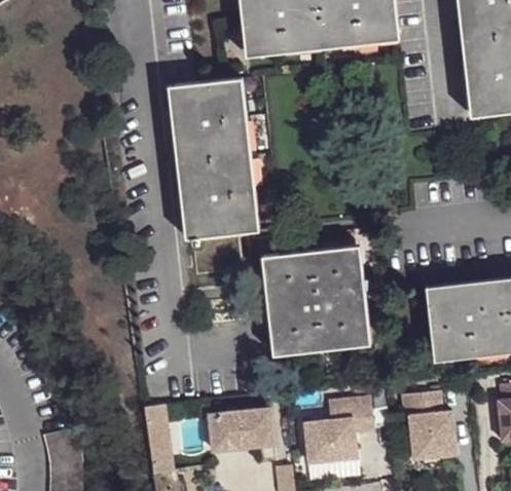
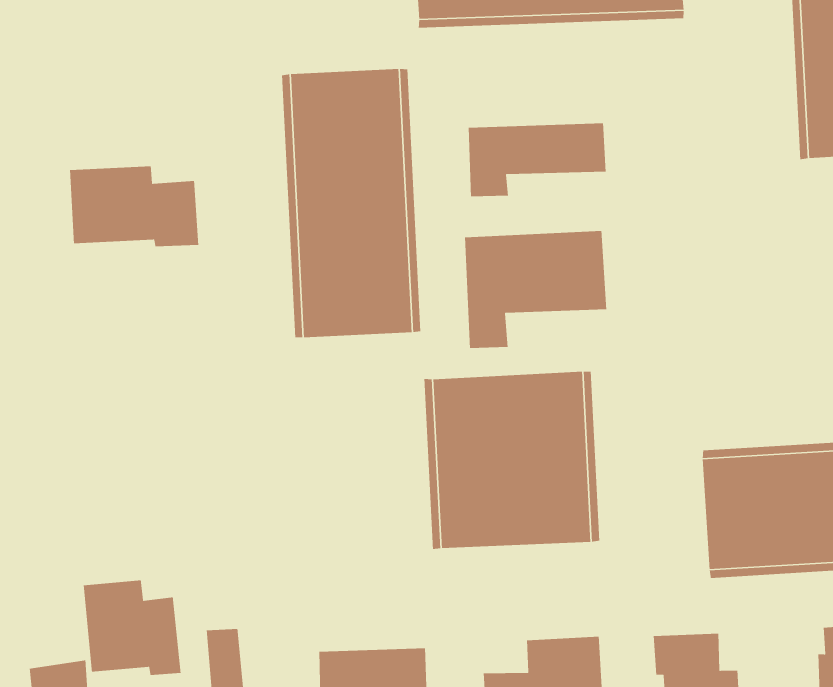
building: none -> [468,122,607,197]
building: none -> [69,165,199,247]
building: none -> [464,230,607,349]
building: none -> [83,579,181,676]

